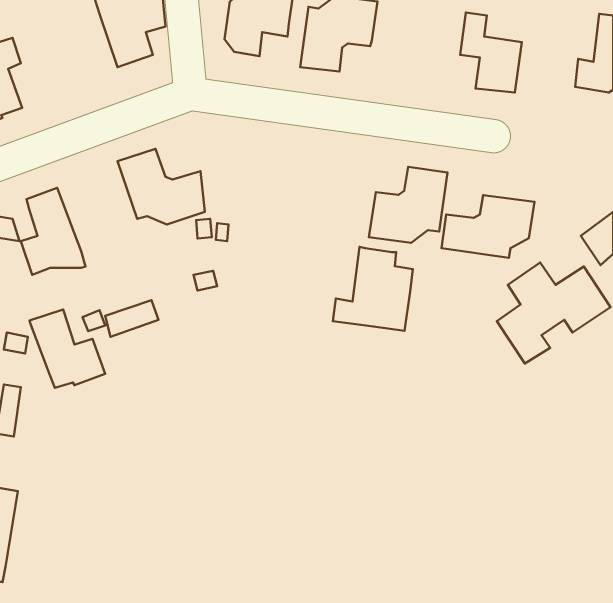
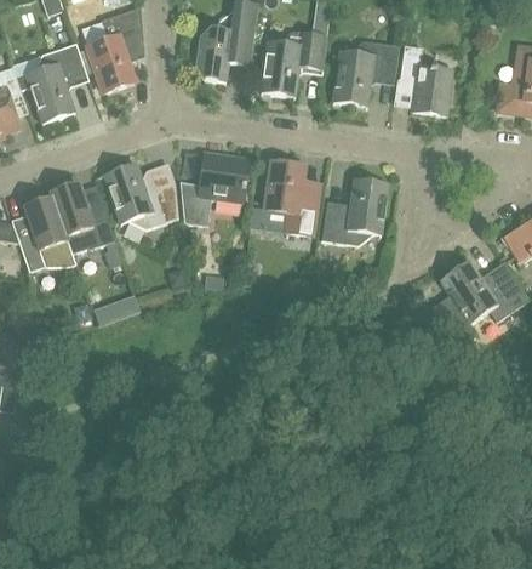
building: none -> [332,40,399,107]
building: none -> [25,42,88,124]
building: none -> [179,152,248,224]
building: [441,195,535,258] -> none
building: [333,247,413,331] -> [248,161,318,234]
building: [29,309,105,388] -> [50,183,115,251]

